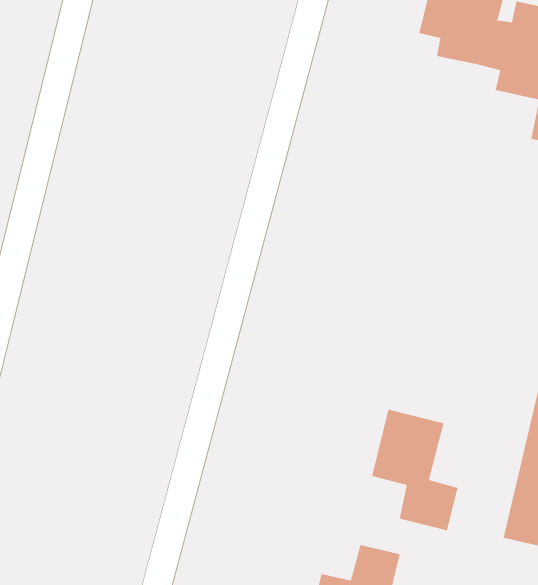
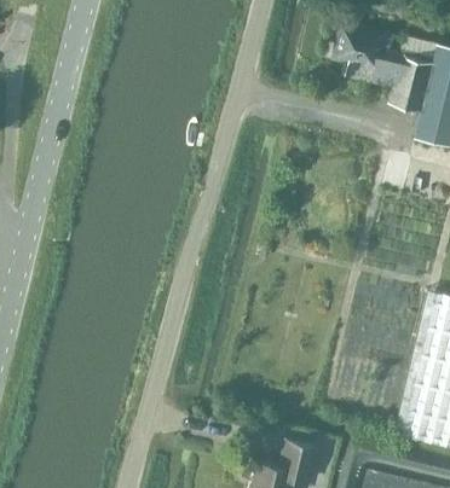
building: [372,409,458,531] -> none

